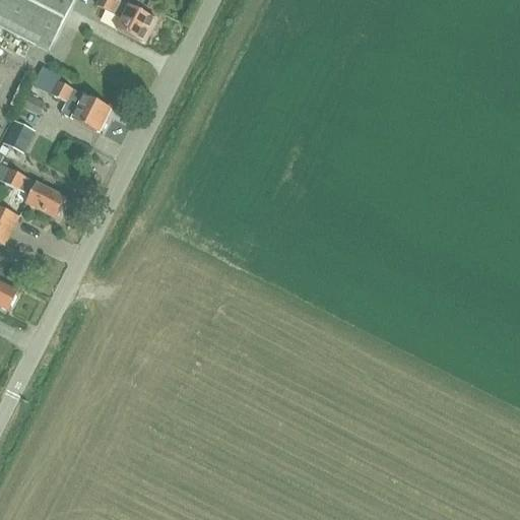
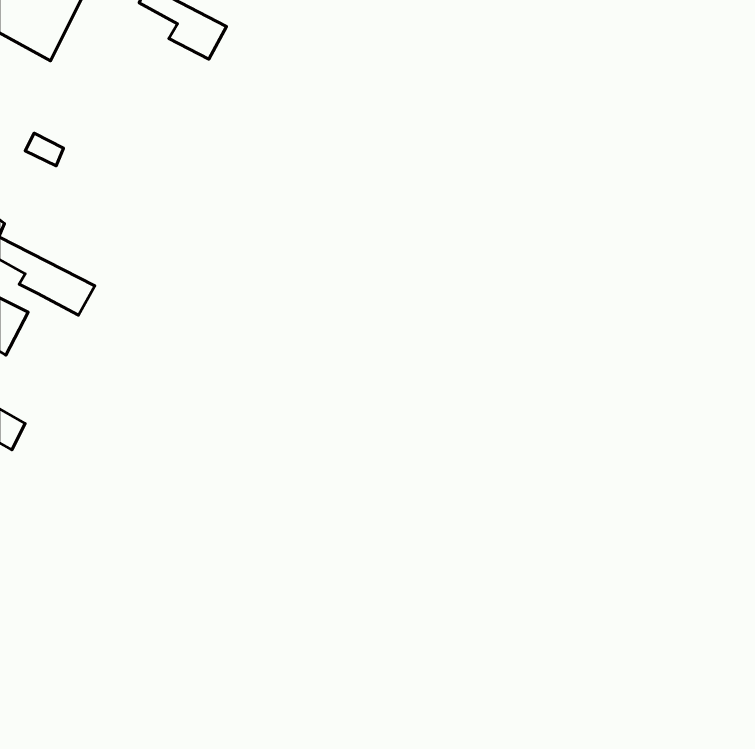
building: [30,65,112,131] -> none
building: [4,120,35,151] -> none

